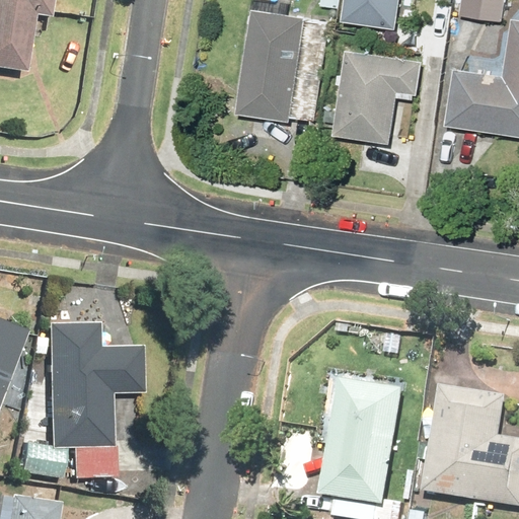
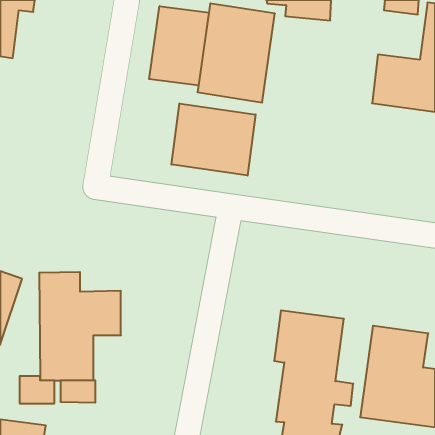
building: none -> [149,6,209,85]
building: [330,48,420,141] -> none
building: none -> [171,103,256,176]

